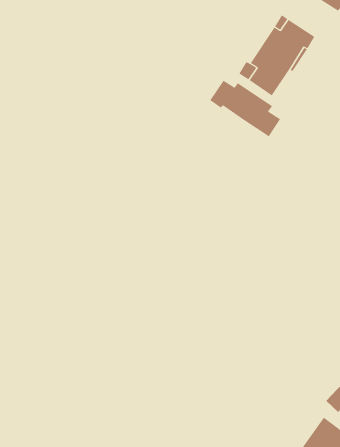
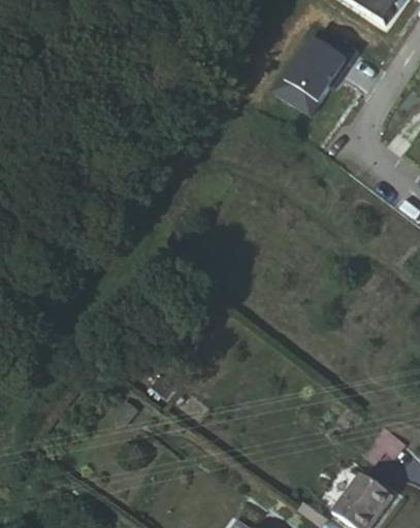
building: [210,80,281,137] -> none

